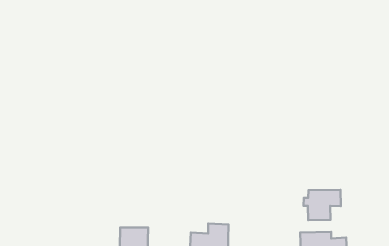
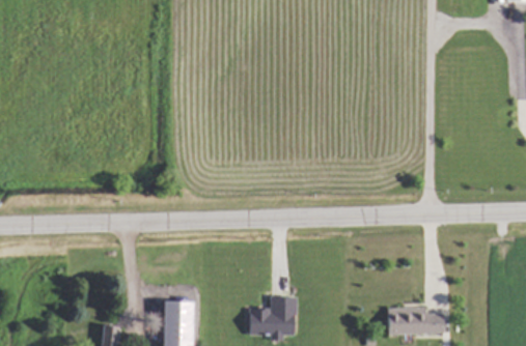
building: [303,190,341,220] -> none

